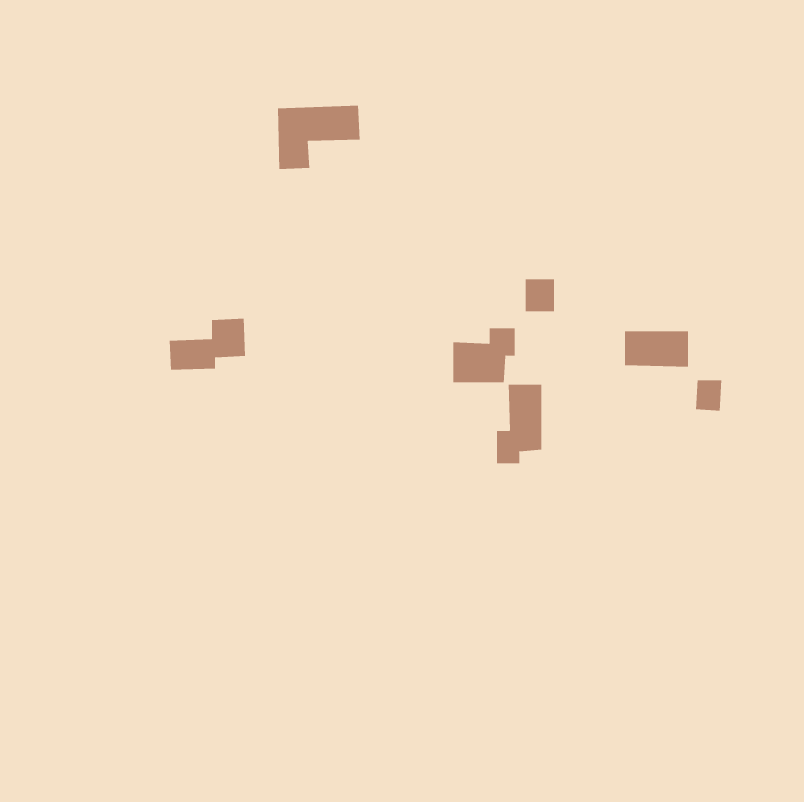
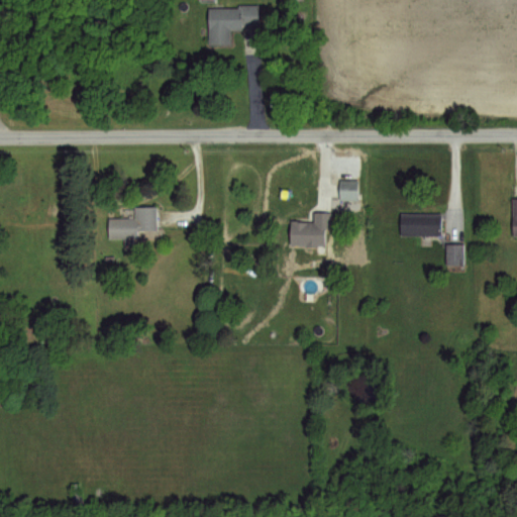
building: [277,105,361,170] -> [208,8,262,49]
building: [497,384,542,464] -> none

